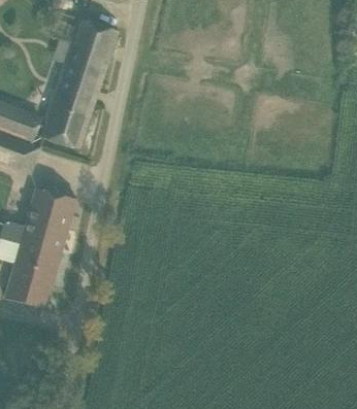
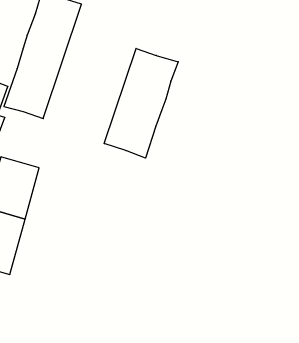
building: none -> [104,48,178,158]

